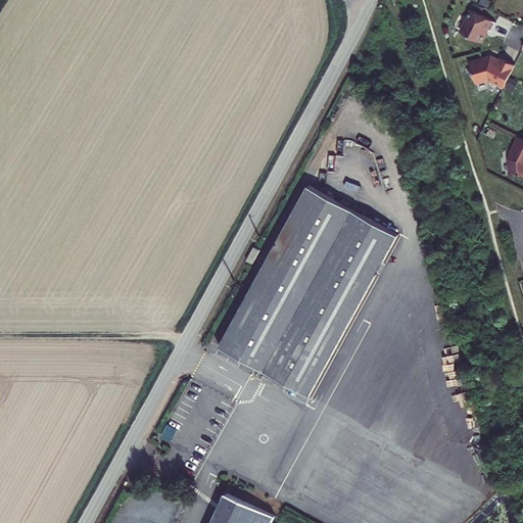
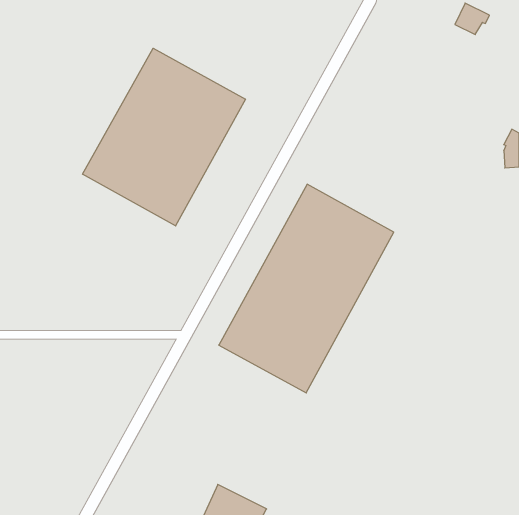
building: [467,53,511,86] -> none
building: none -> [83,48,245,226]

